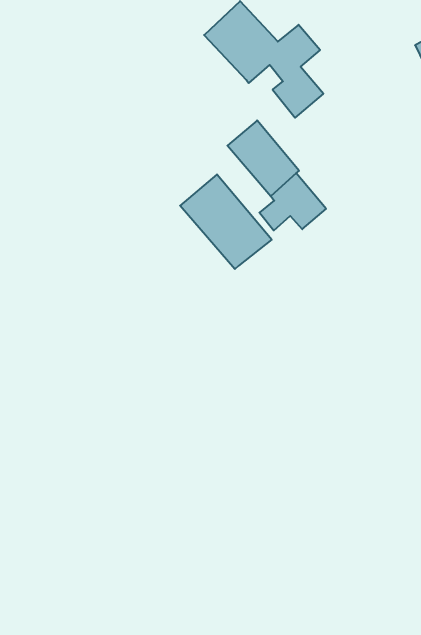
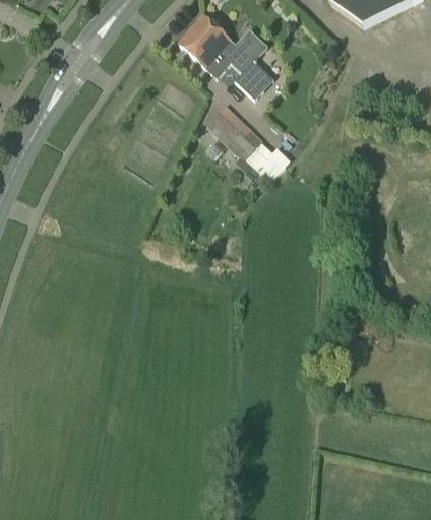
building: [180,174,272,269] -> none

